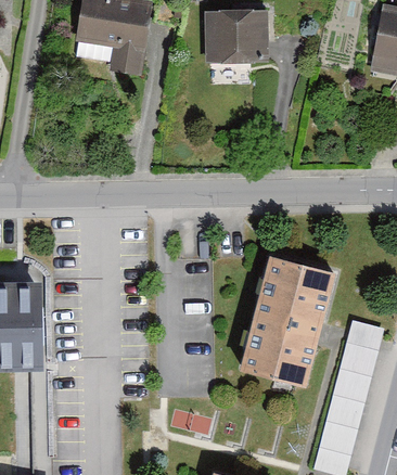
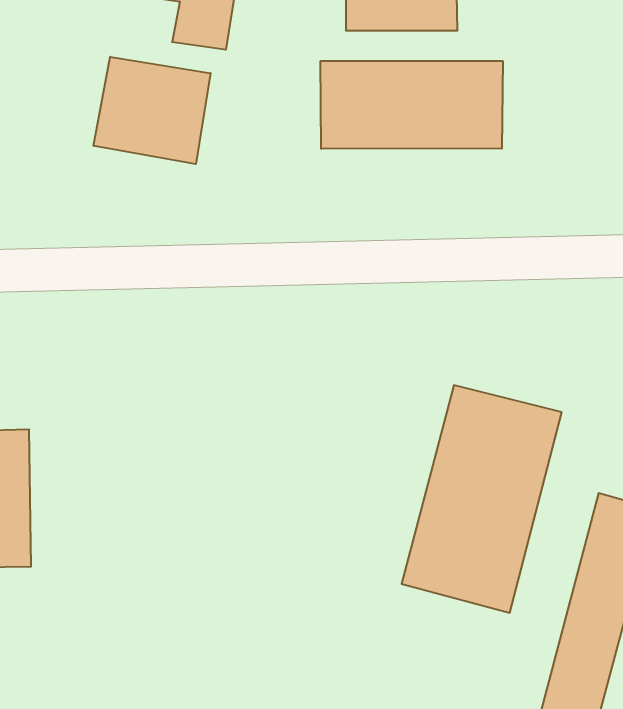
building: none -> [94,57,211,164]
building: none -> [321,61,503,149]

